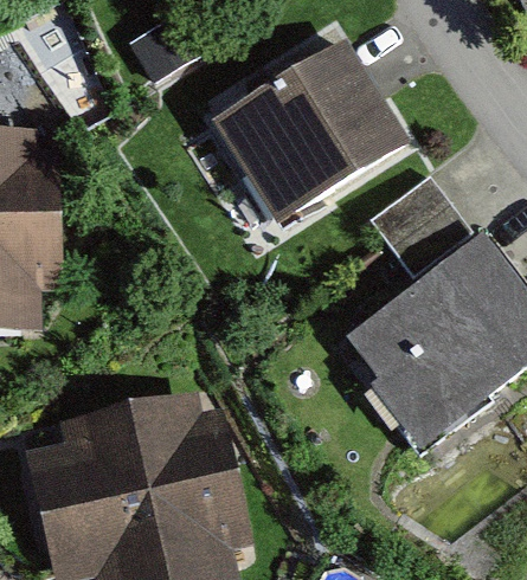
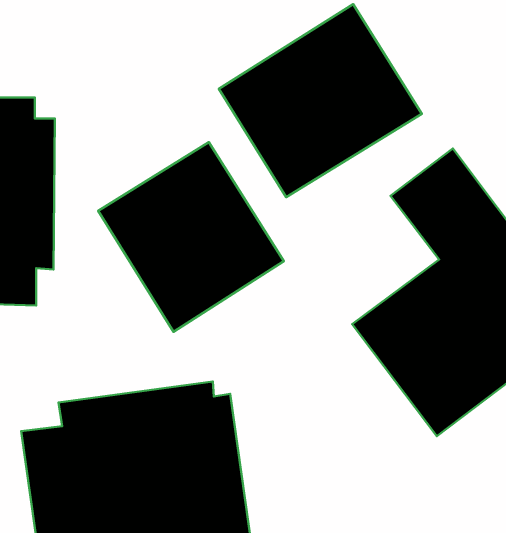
building: none -> [98,142,284,332]

